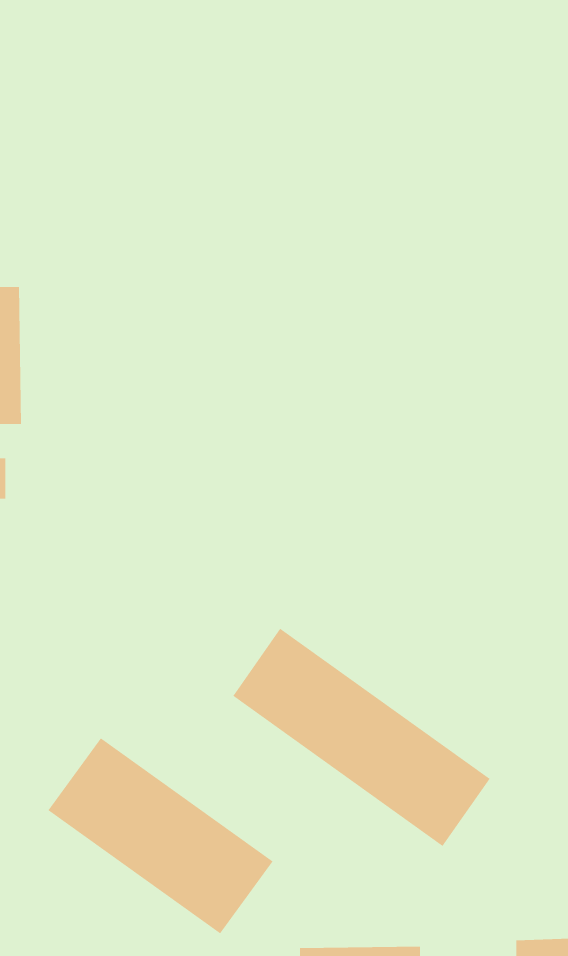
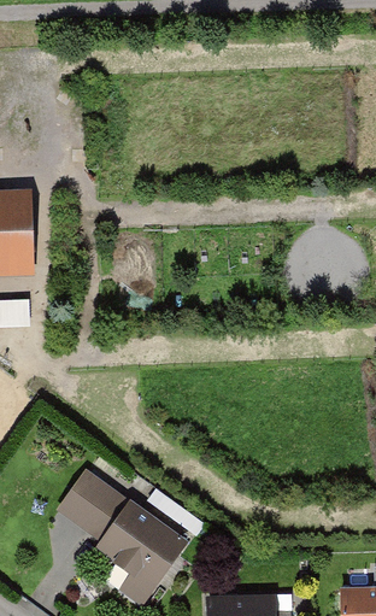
building: [232,628,490,847] -> none

